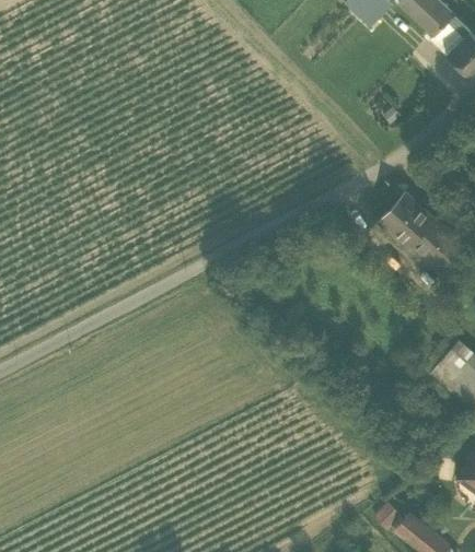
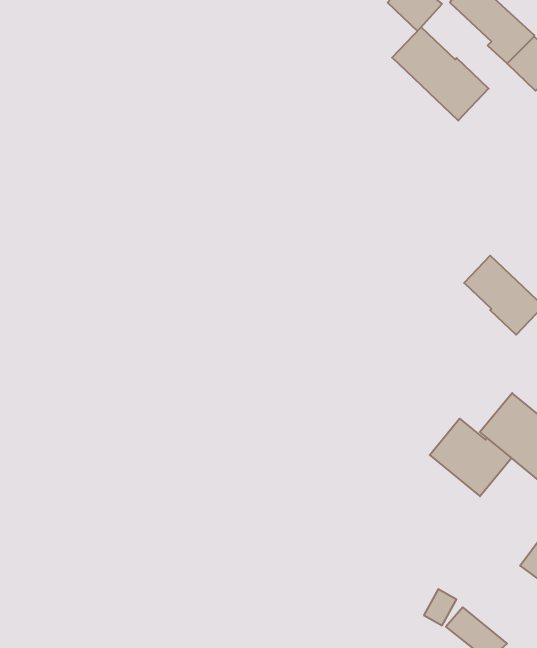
building: none -> [392,27,489,121]
building: [378,189,431,244] -> none
building: none -> [430,419,511,496]

